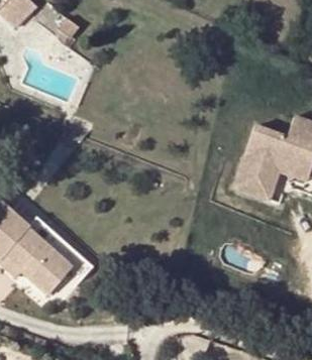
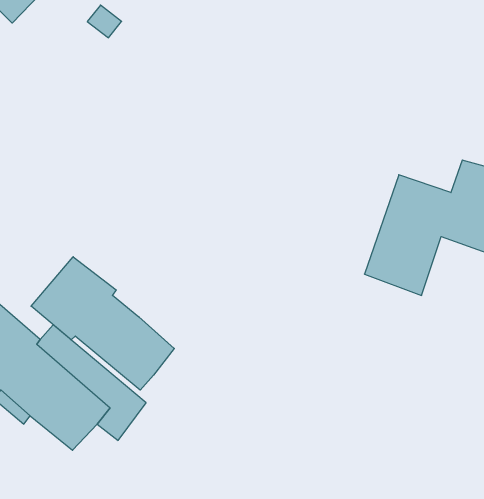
building: none -> [31,257,174,390]

